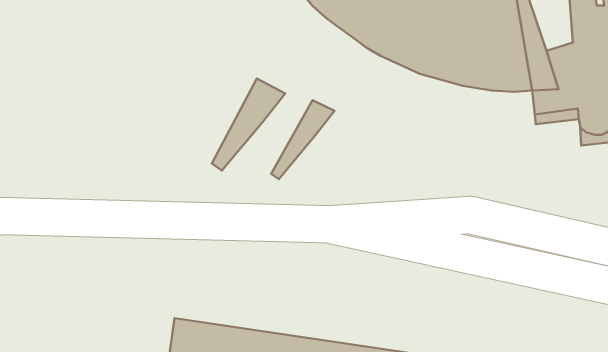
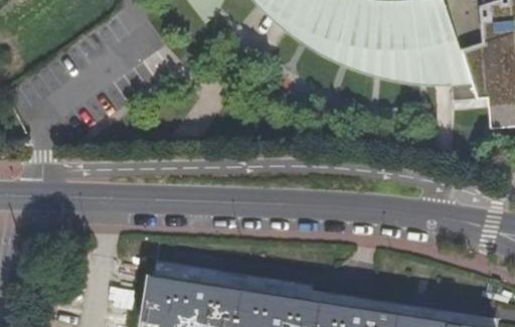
building: [212,79,285,171] -> none
building: [271,100,335,179] -> none

